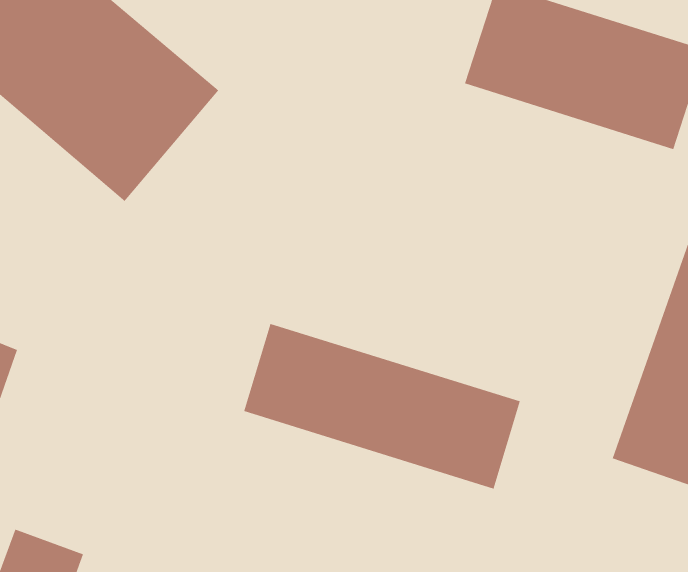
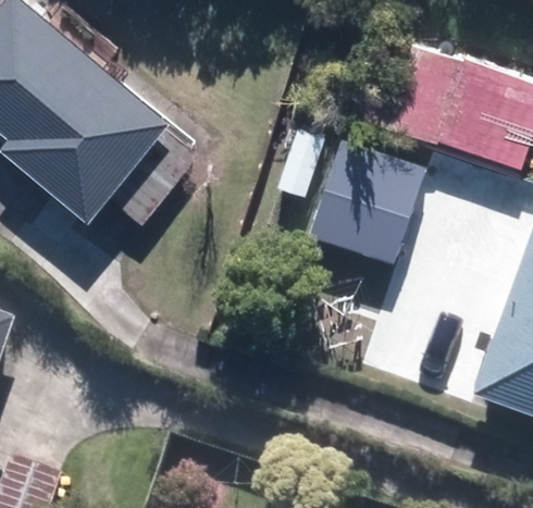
building: none -> [312,141,424,262]
building: [244,323,520,489] -> none

